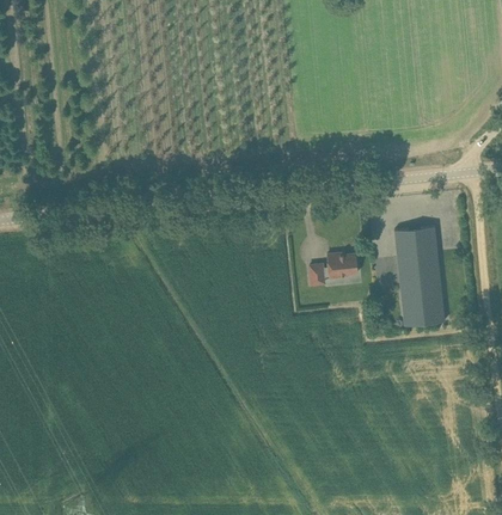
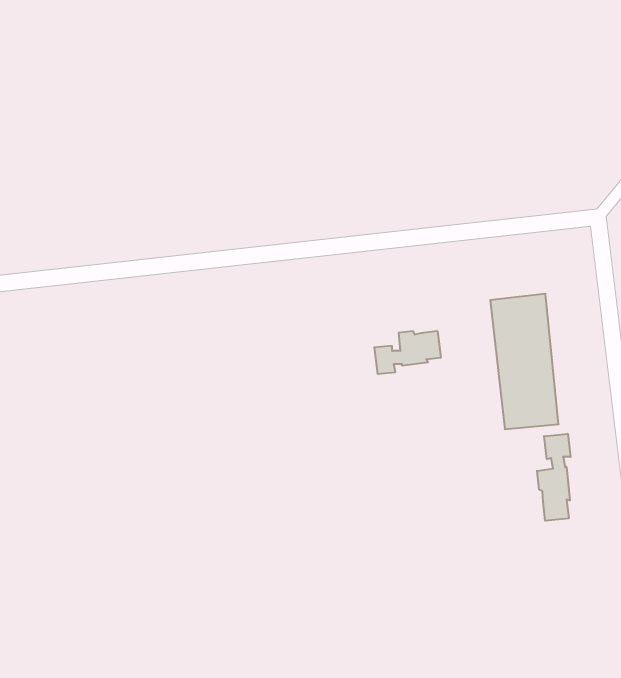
building: none -> [537,434,571,521]

